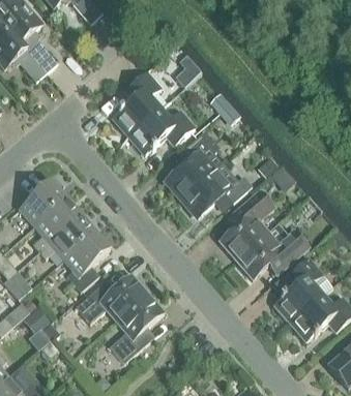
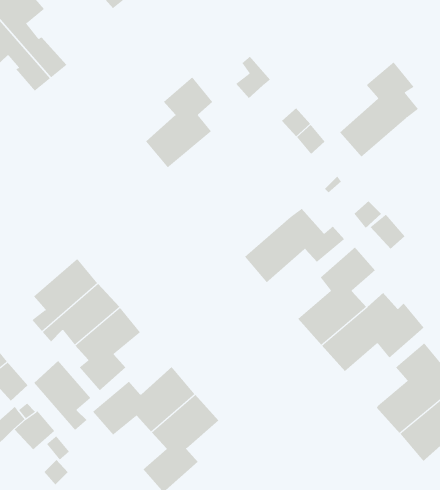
building: [128,110,195,154] -> none
building: [167,130,223,197] -> [339,62,419,158]
building: [20,182,65,225] -> none
building: none -> [33,360,91,431]

